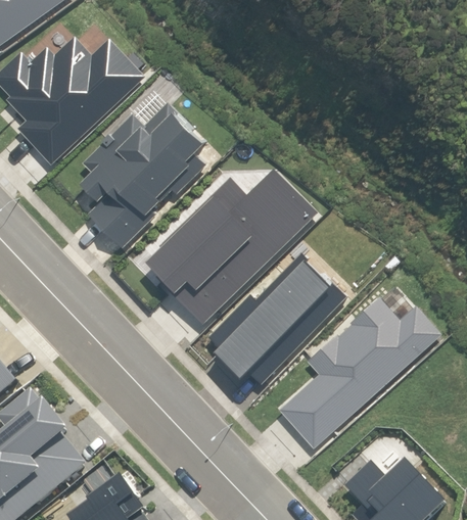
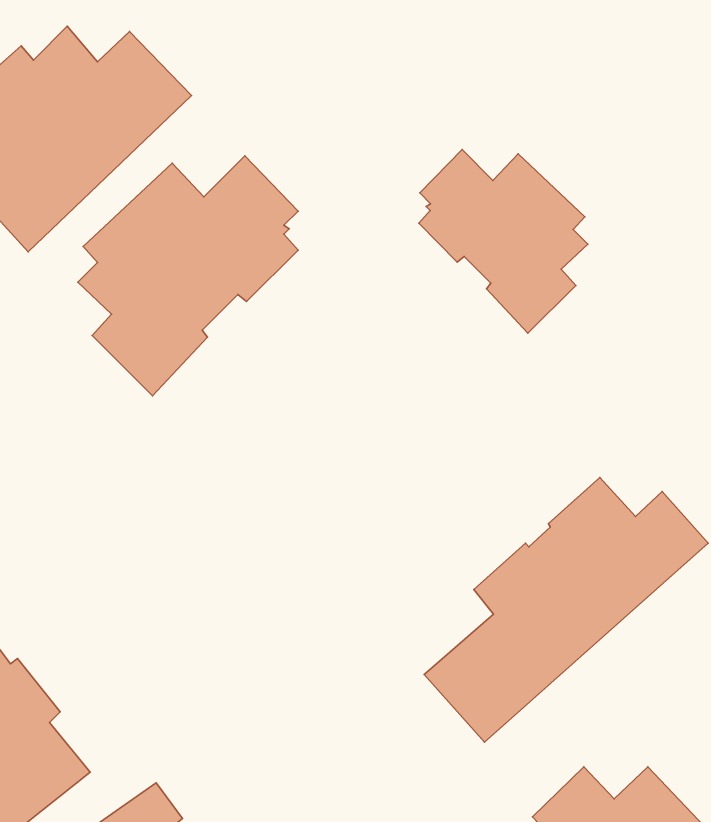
building: none -> [419,150,588,333]
building: [147,169,317,324] -> none
building: [203,253,346,387] -> none

